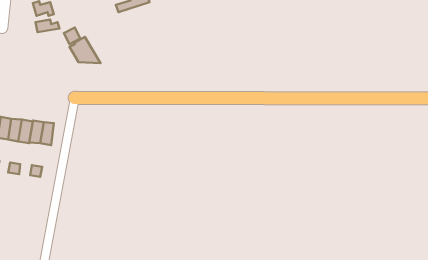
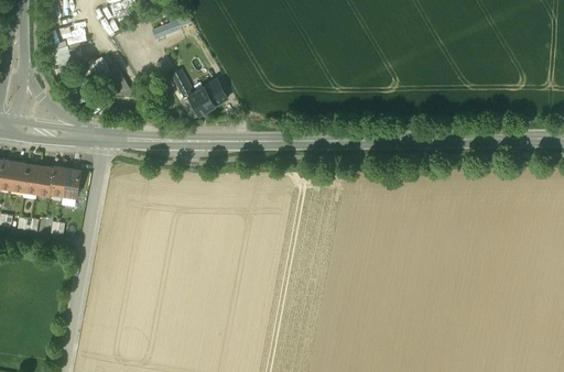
building: none -> [170,70,227,119]

